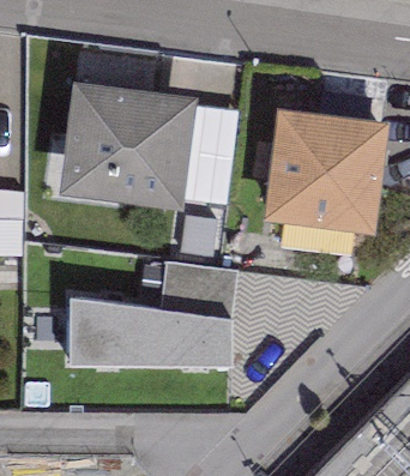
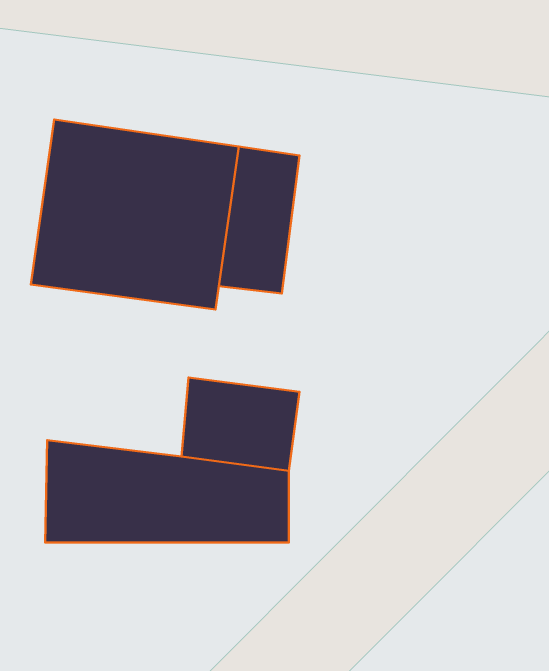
building: [263,112,386,235] -> none

